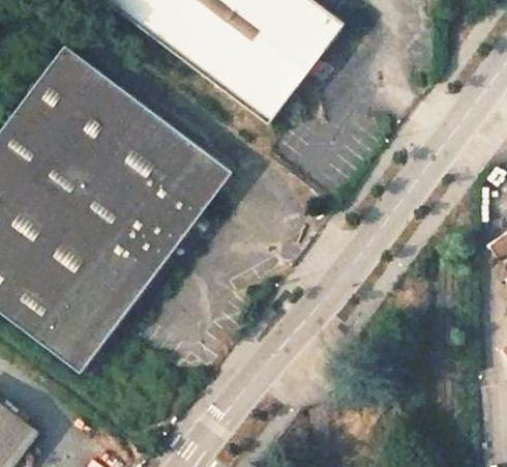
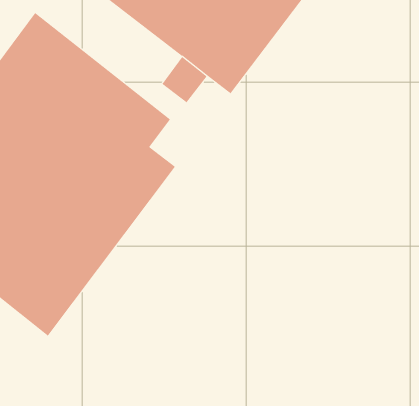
building: [185,150,232,198] -> [161,56,207,103]

